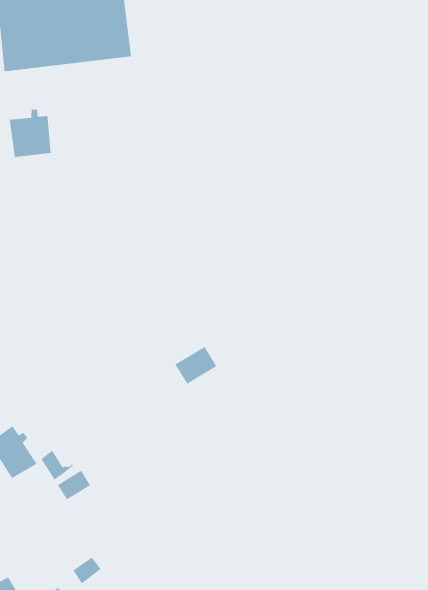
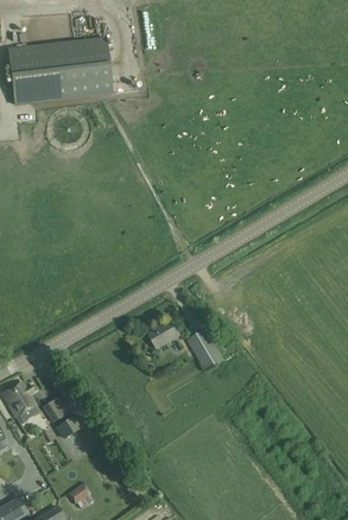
building: [9,109,51,158] -> none
building: none -> [186,324,223,370]

